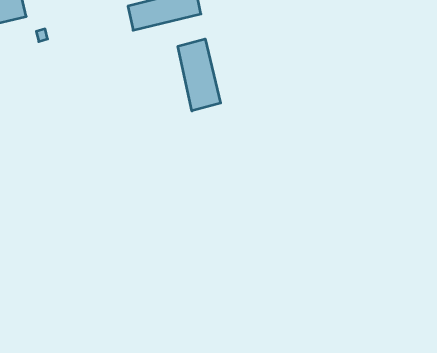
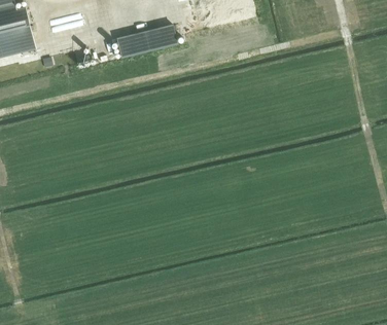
building: [178,39,221,111] -> none

